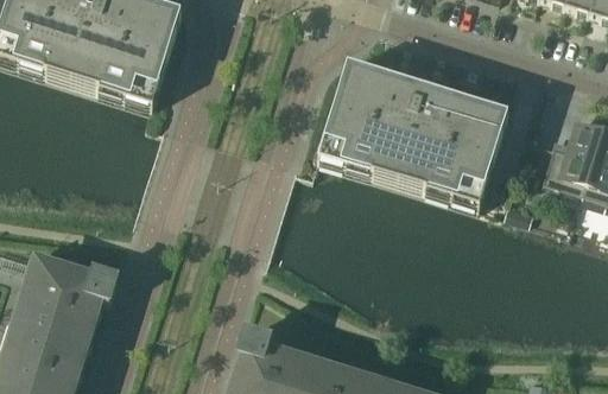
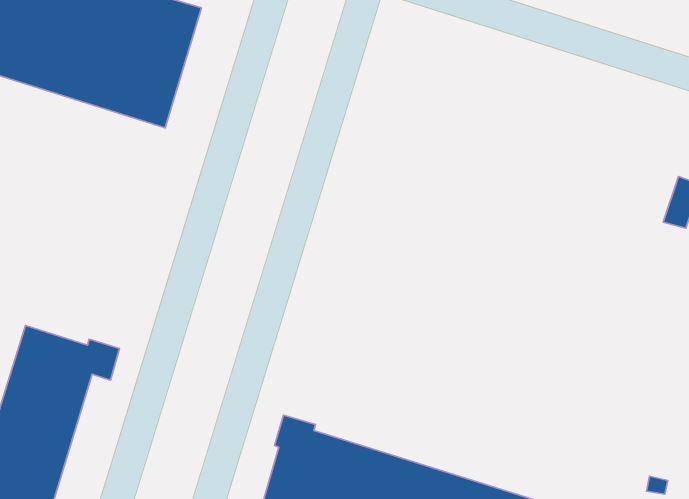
building: [318,62,508,205] -> none

